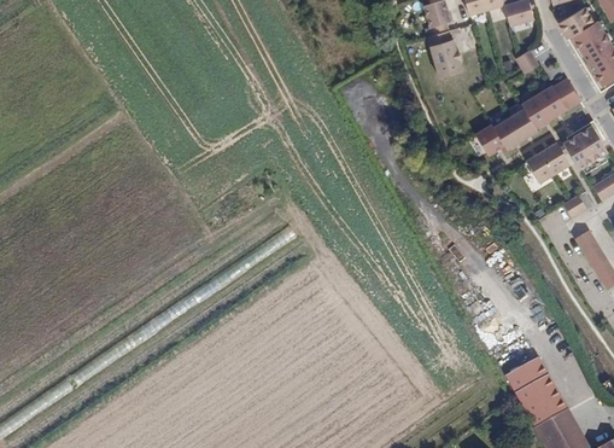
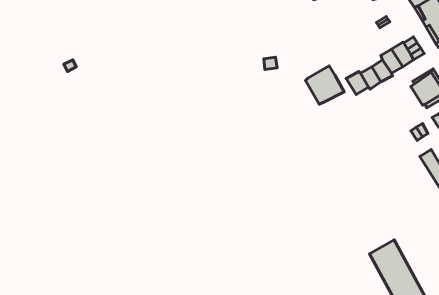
building: [429,37,464,77] -> none
building: none -> [306,66,344,104]
building: [525,141,569,182] -> none

